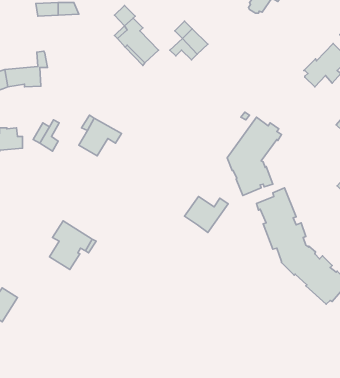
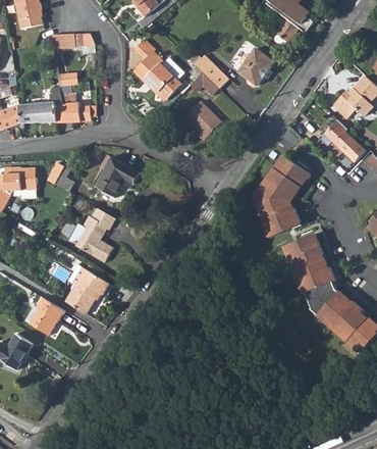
building: none -> [240,48,275,86]
building: none -> [55,72,89,121]
building: none -> [184,102,221,141]
building: none -> [325,120,365,162]
building: none -> [68,206,117,262]
building: [185,197,228,233] -> none
building: none -> [24,297,63,335]

